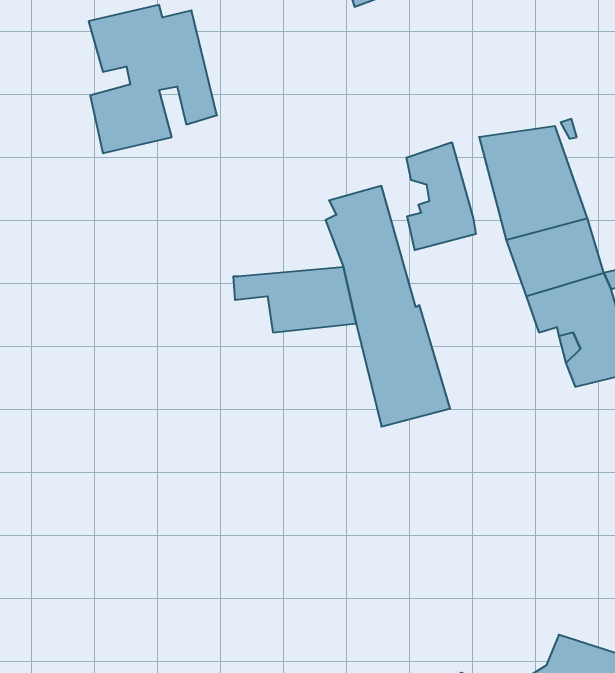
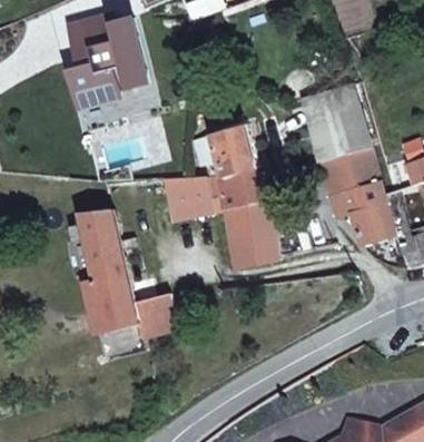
building: [407,142,476,250] -> none
building: none -> [70,207,177,345]

